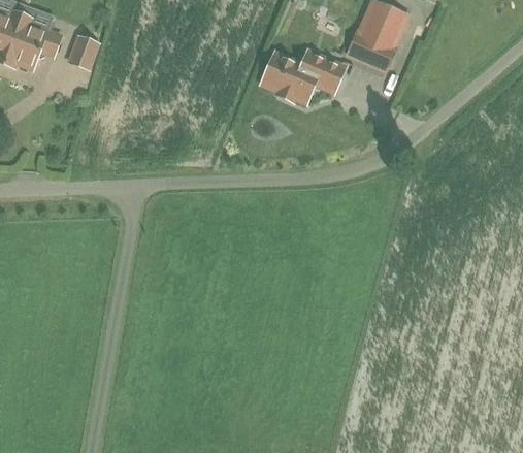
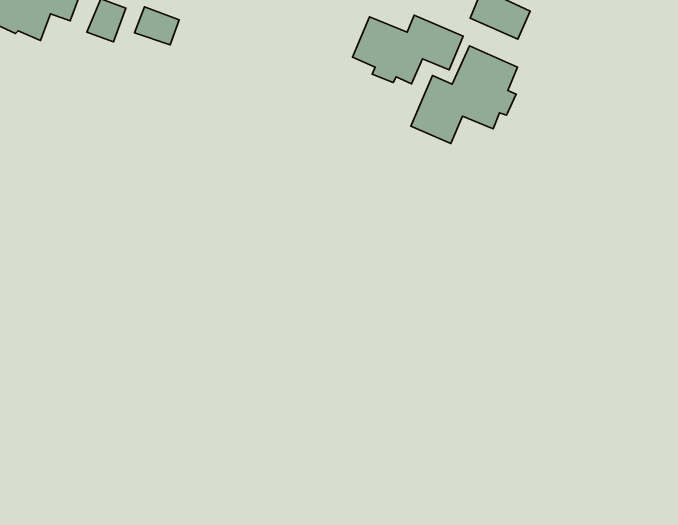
building: none -> [134,7,179,45]
building: none -> [411,46,518,144]

